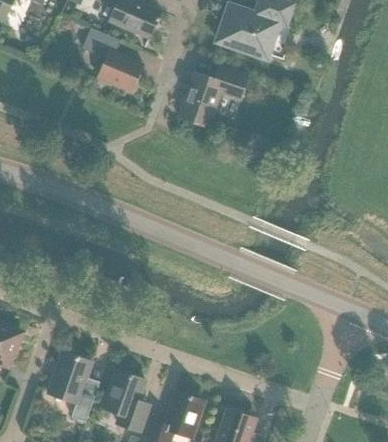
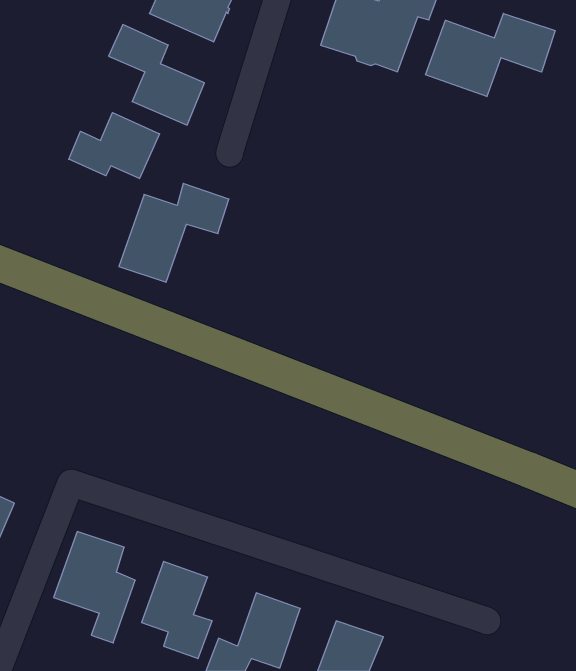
building: none -> [425,13,555,97]
building: [179,65,249,128] -> [119,183,229,282]
building: none -> [69,113,160,179]

